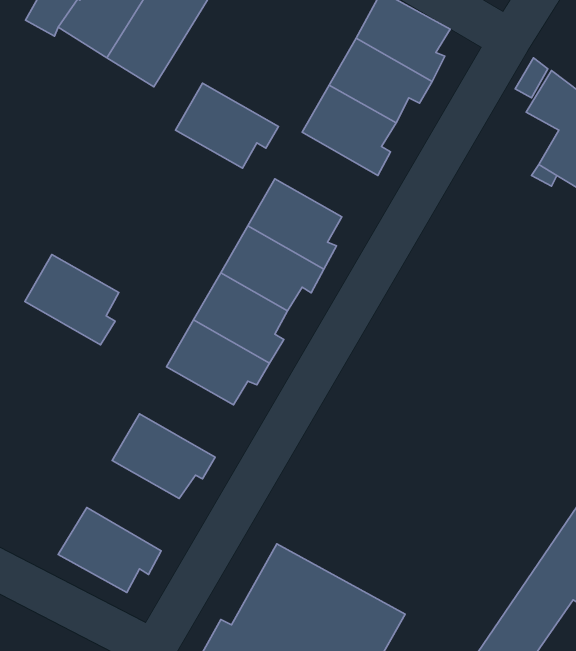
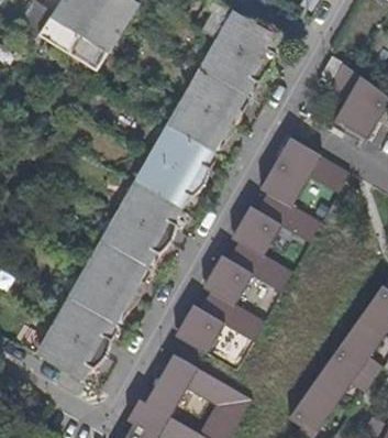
building: [176,83,279,168] -> [171,98,234,150]
building: none -> [176,132,350,351]
building: [25,254,119,345] -> [89,241,146,296]
building: none -> [57,298,113,353]

